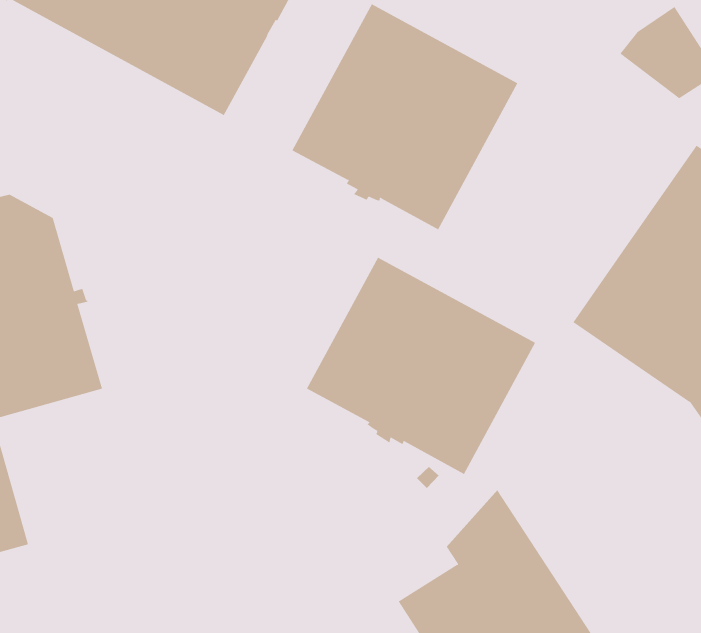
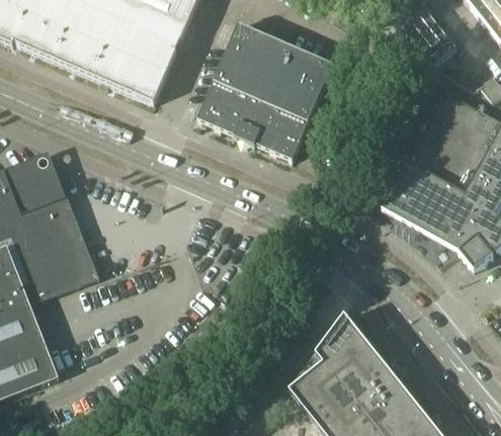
building: [306,257,536,475] -> none

